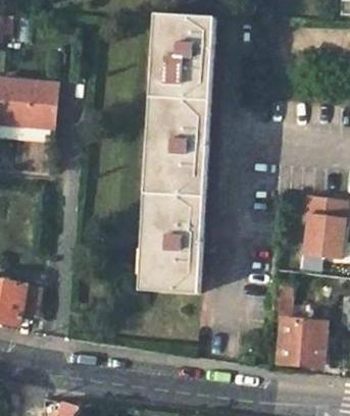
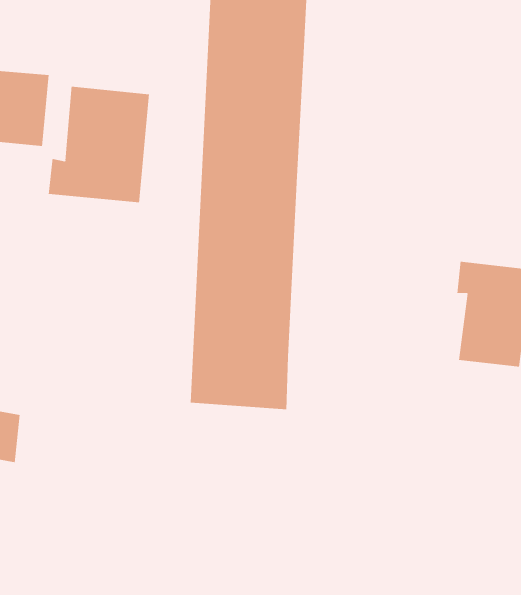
building: none -> [48,86,149,203]
building: [270,283,324,367] -> none

